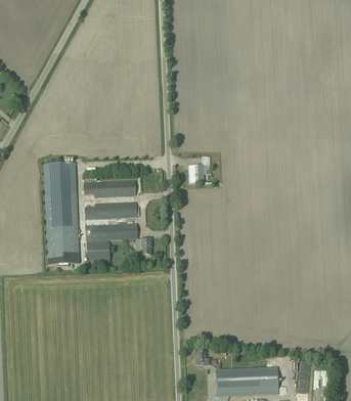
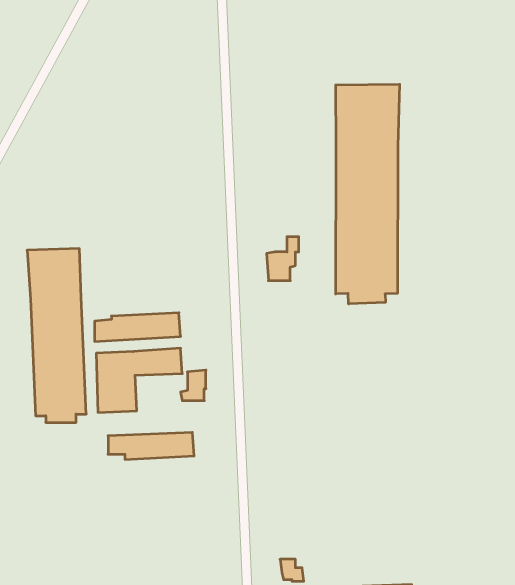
building: none -> [336,84,400,304]
building: [84,180,136,196] -> [108,432,194,459]

